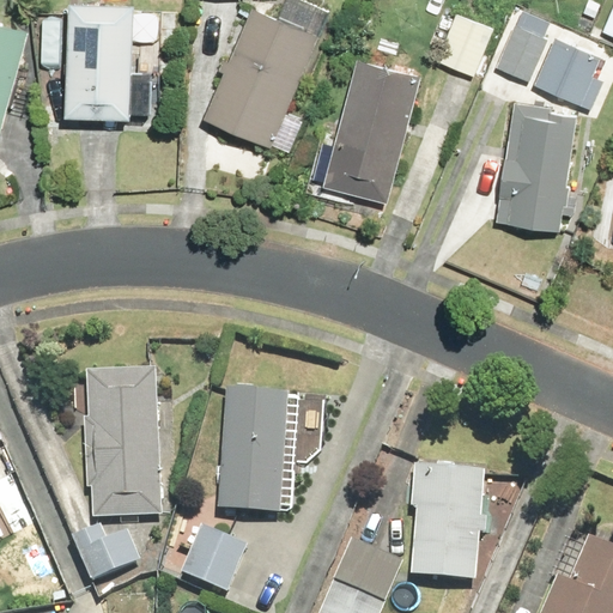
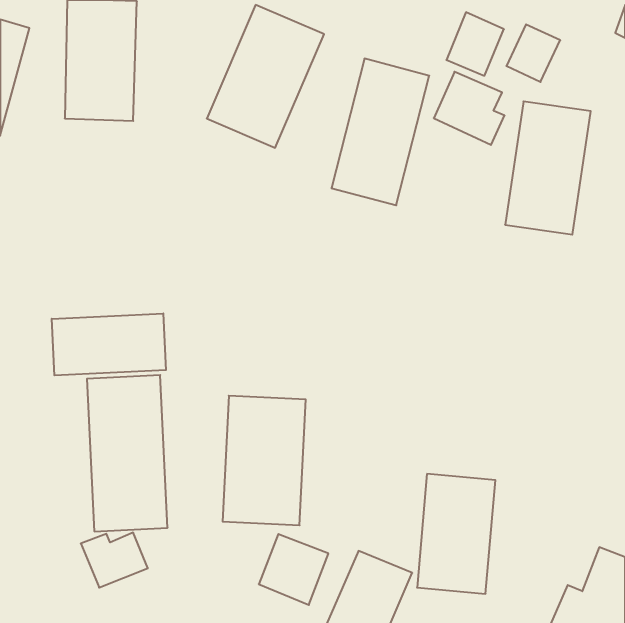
building: [534,38,603,110] -> [434,72,505,145]
building: none -> [52,313,166,375]
building: [182,527,250,596] -> [259,534,328,605]

